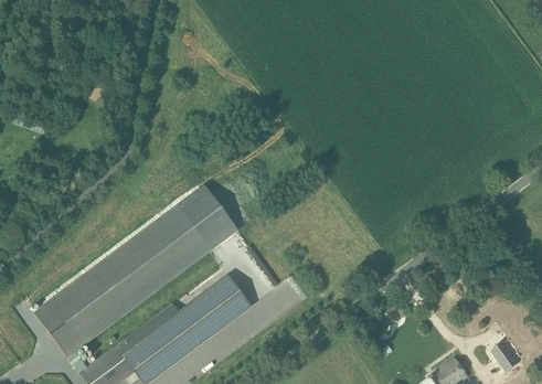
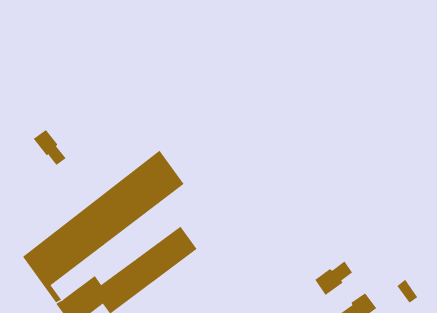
building: none -> [33,129,67,166]
building: none -> [314,260,353,296]

